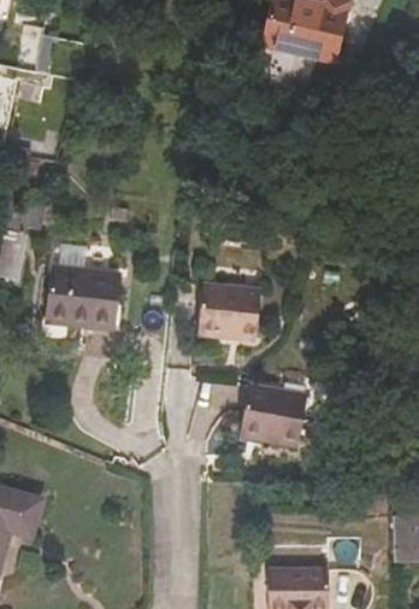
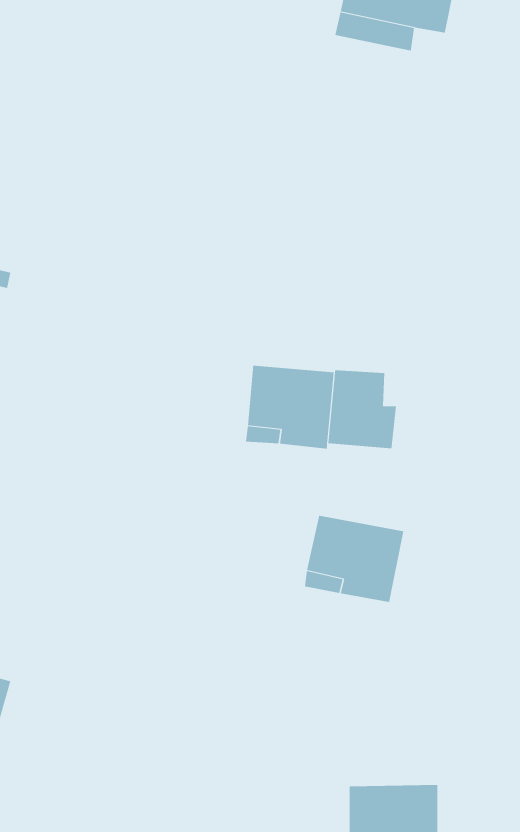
building: [48,268,120,328] -> none
building: none -> [328,370,396,449]

